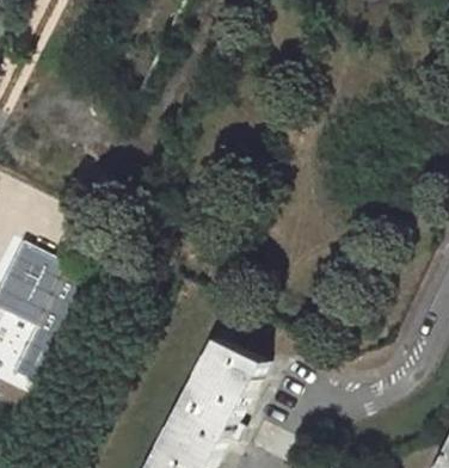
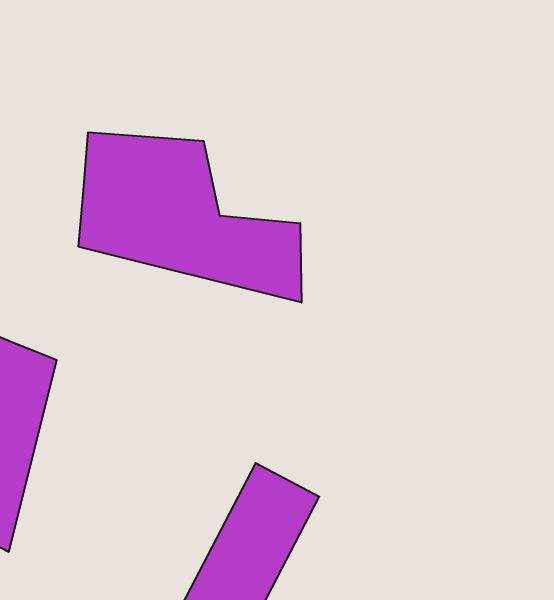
building: none -> [79,132,302,303]

